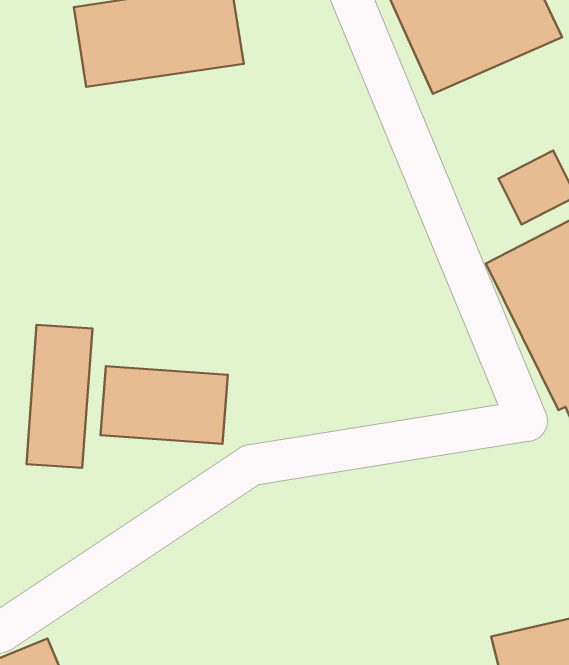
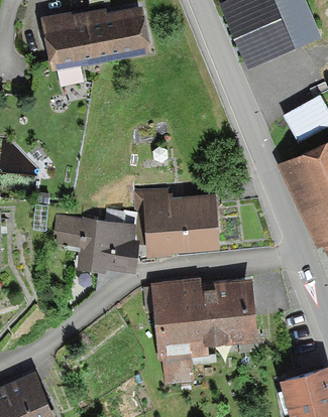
building: none -> [141,198,210,253]
building: [26,325,92,468] -> none
building: none -> [153,282,245,387]

